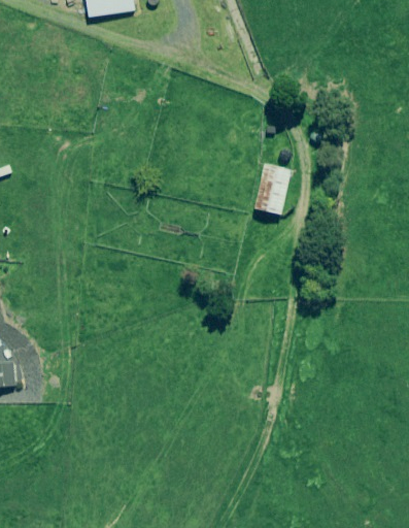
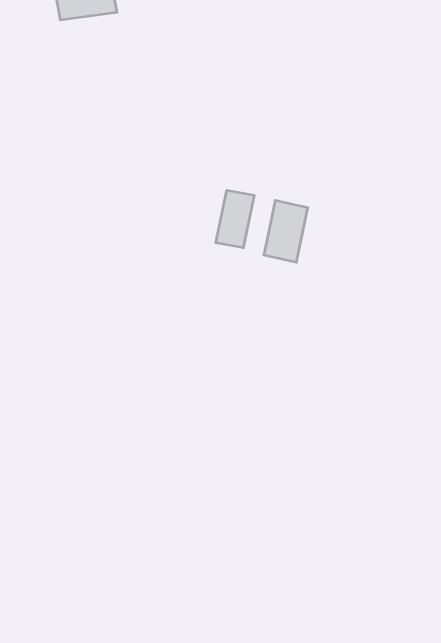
building: none -> [216,190,254,248]

